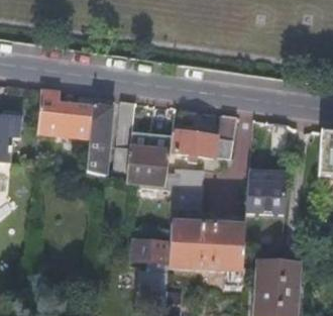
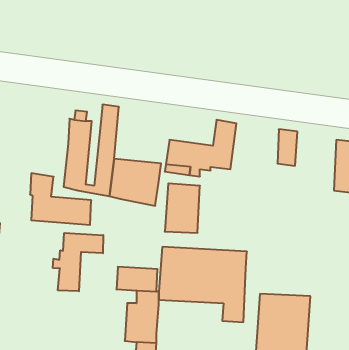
building: [40,87,93,131] -> [30,173,91,225]
building: [246,181,285,211] -> none
building: none -> [53,233,103,291]

